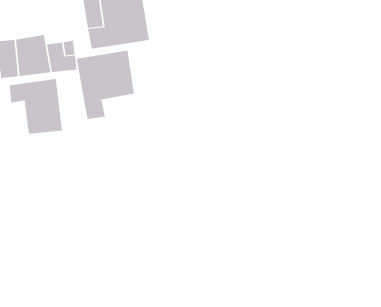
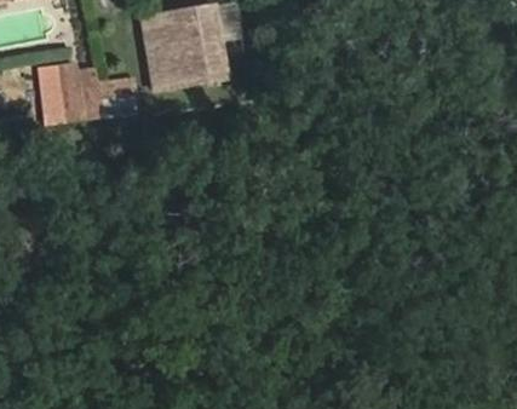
building: [76,50,134,120] -> none
building: [9,78,63,134] -> none

